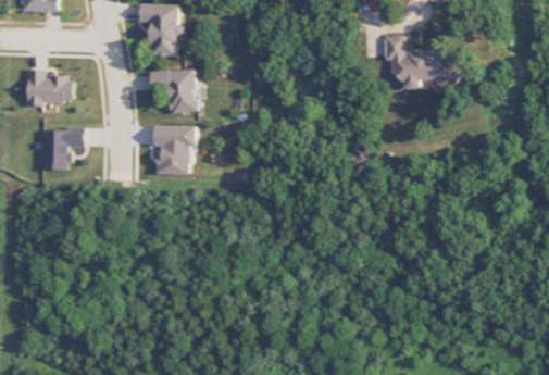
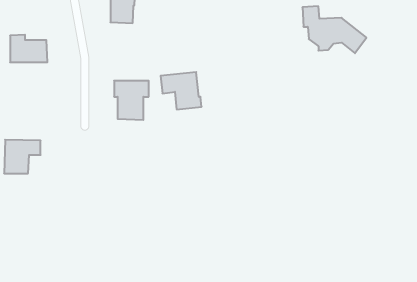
building: [149,68,199,114] -> [161,72,202,109]
building: [39,128,84,170] -> [4,140,41,173]

